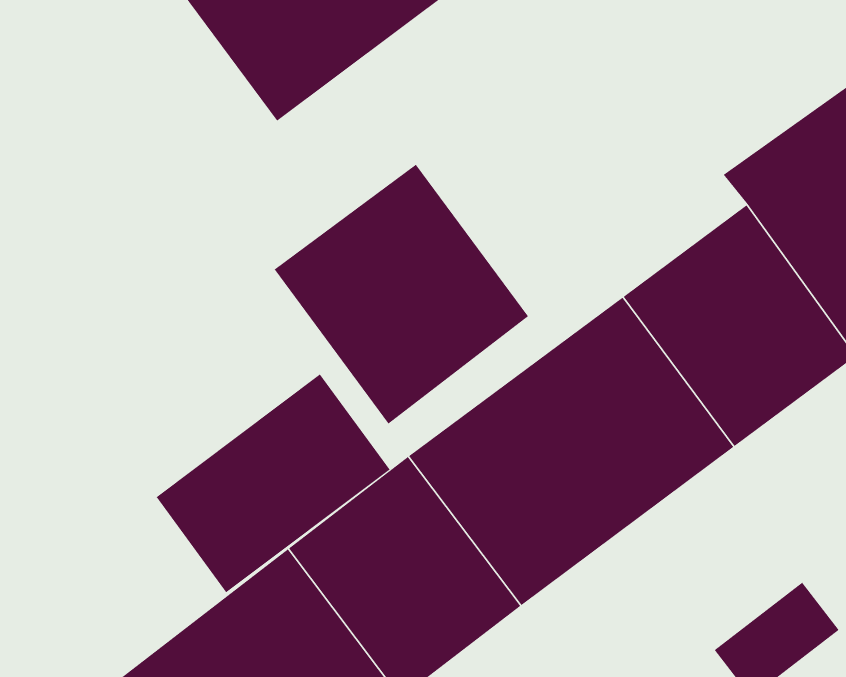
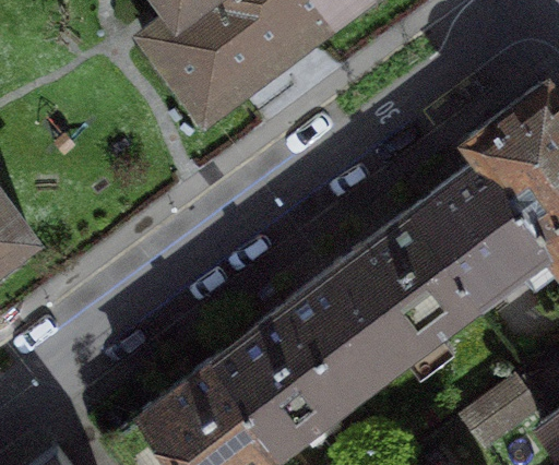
building: [274,164,529,424] -> none
building: [156,374,390,593] -> none

